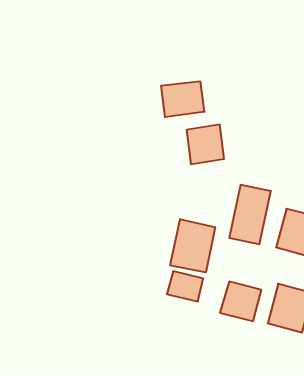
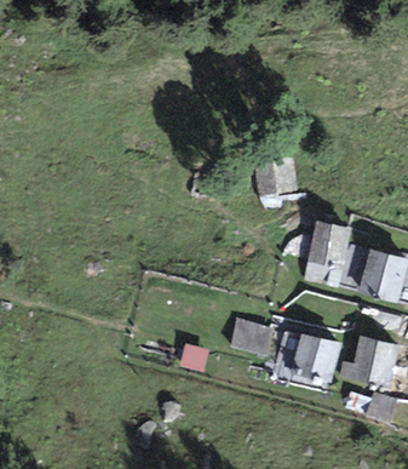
building: [161,81,204,117] -> none
building: [170,219,215,272] -> none

